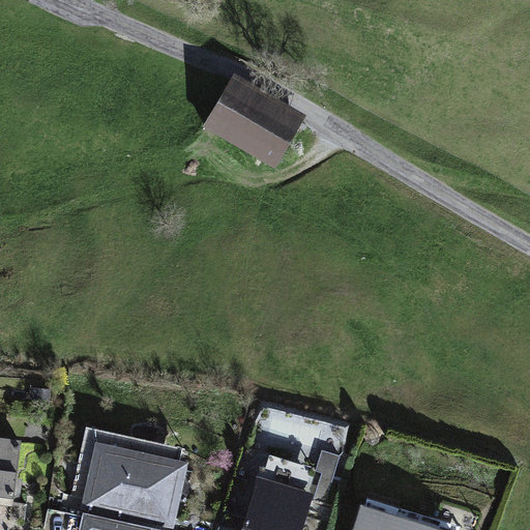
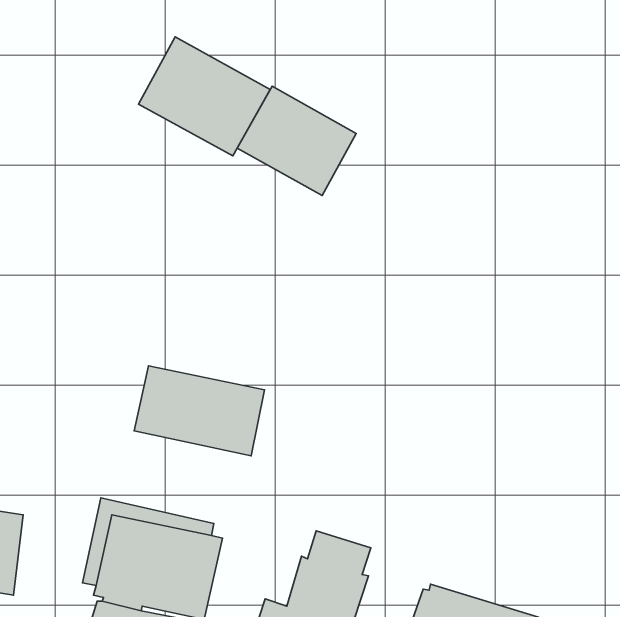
building: none -> [139,37,270,156]
building: none -> [134,366,265,456]

